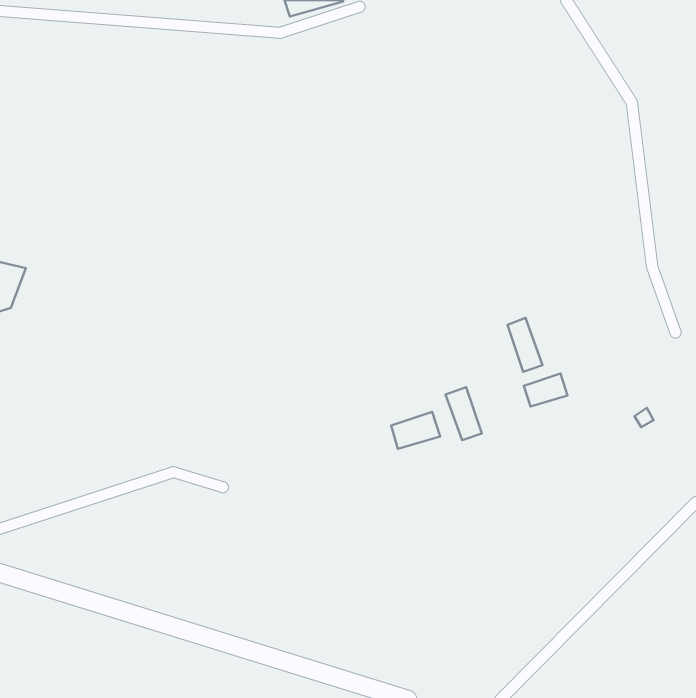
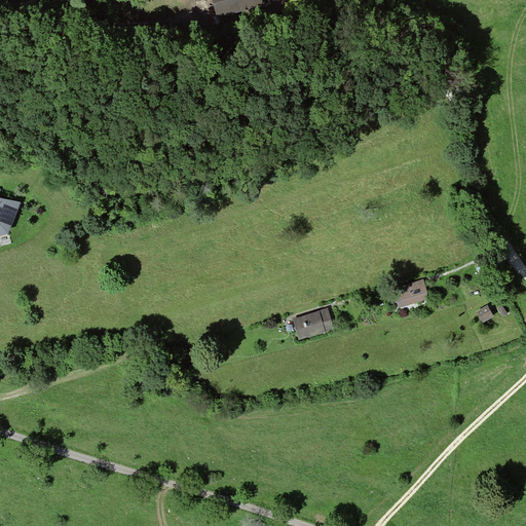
building: [507,318,543,372] -> none
building: [446,387,482,440] -> none

